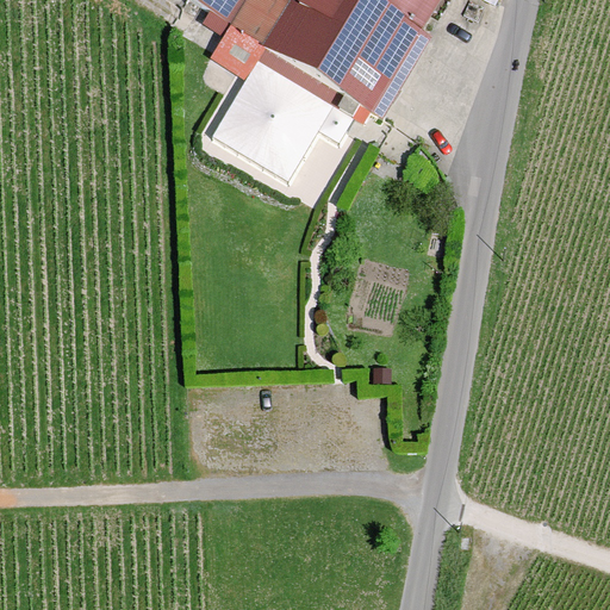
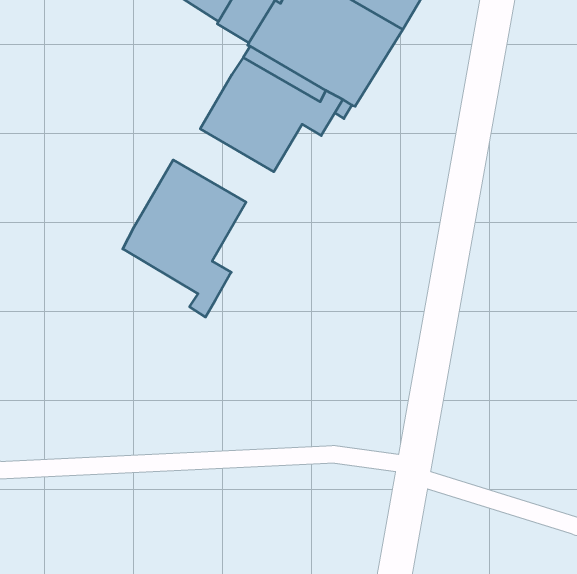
building: [210,25,263,79] -> none
building: none -> [123,160,246,317]

